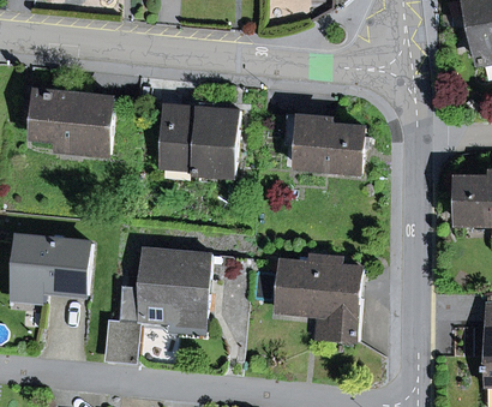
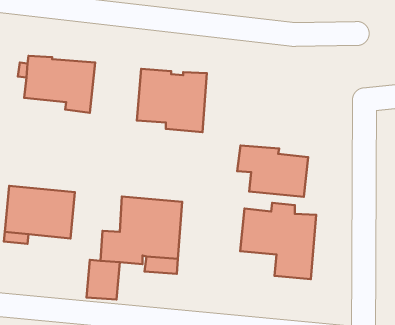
building: [283,114,362,172] -> [237,145,308,197]

